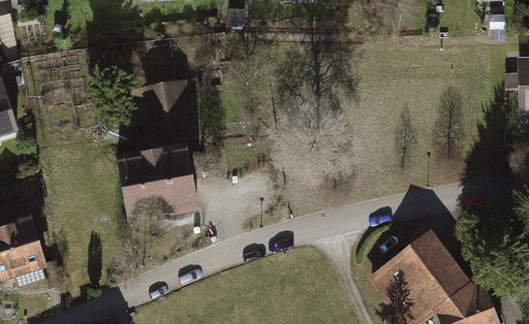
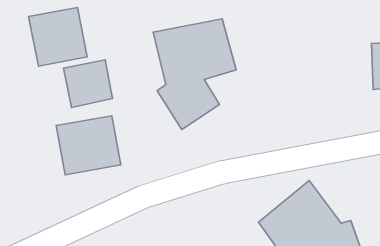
building: none -> [29,7,87,66]
building: none -> [153,19,236,129]

